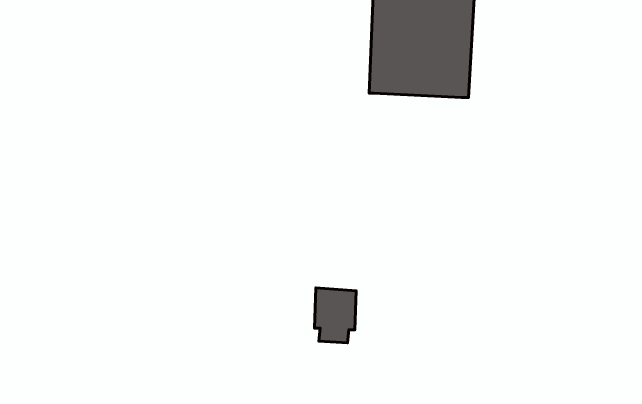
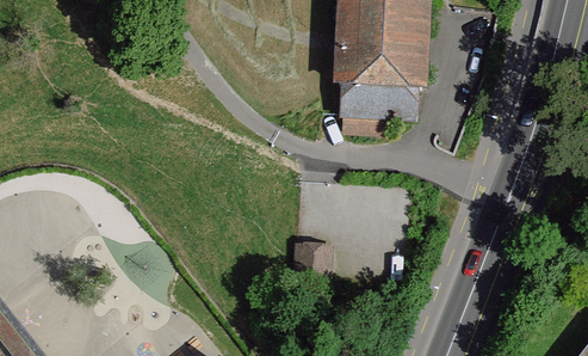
building: none -> [343,85,417,118]

